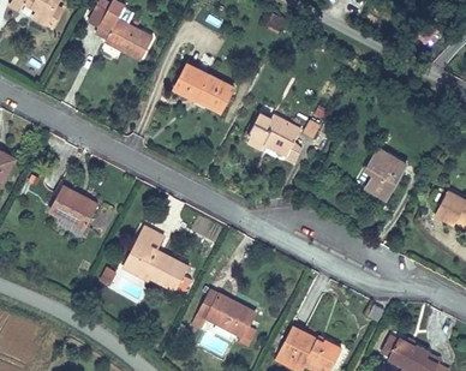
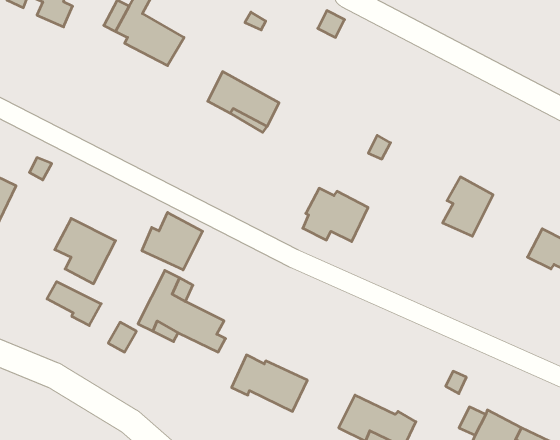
building: [250,110,303,154] -> [303,188,368,242]
building: none -> [142,212,203,270]
building: none -> [47,282,101,326]

